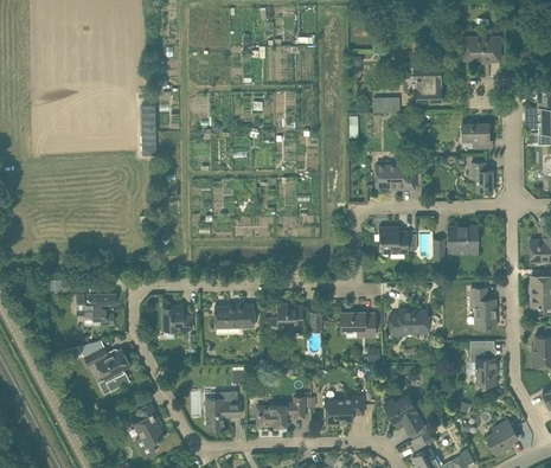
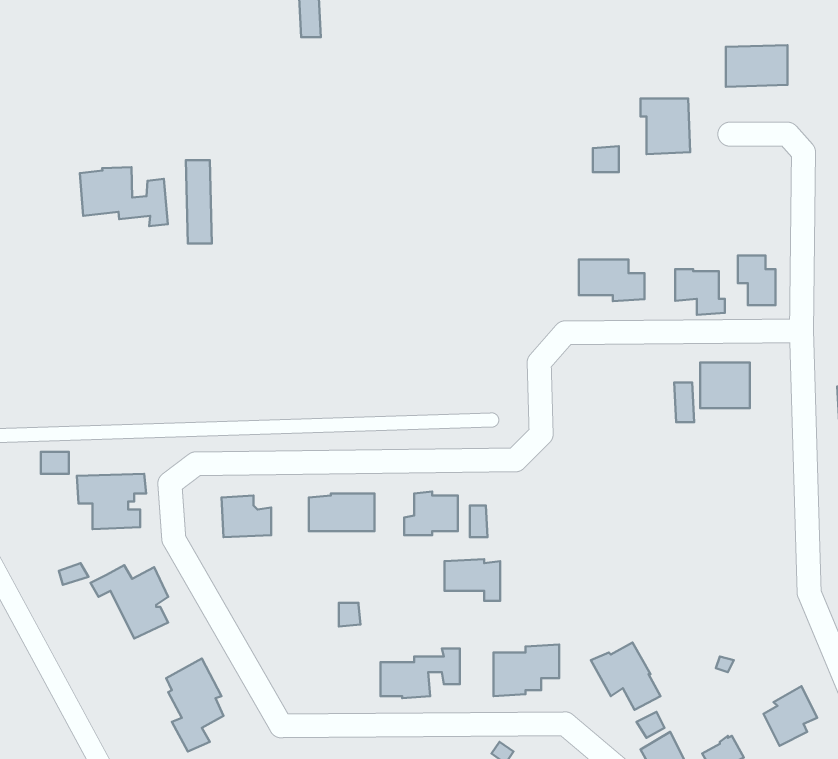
building: none -> [80,167,168,226]
building: [462,122,492,149] -> [675,269,725,315]
building: [379,227,415,254] -> none
building: [470,288,495,328] -> none
building: [390,309,428,336] -> none
building: [341,312,374,336] -> [444,559,500,601]
building: [470,348,496,385] -> none
building: [206,391,241,428] -> none

